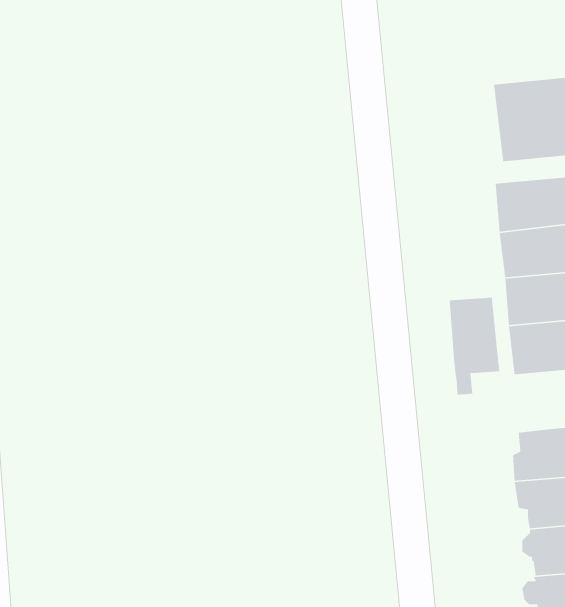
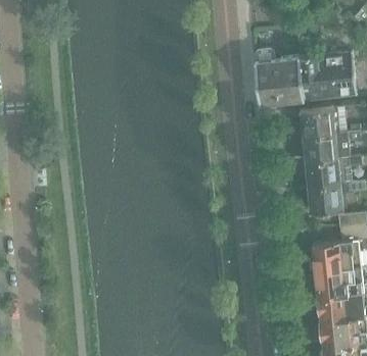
building: none -> [256,50,305,105]
building: [449,297,500,396] -> none

